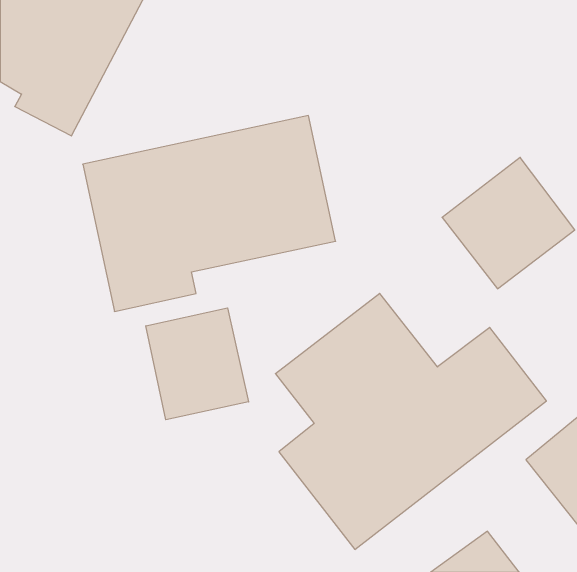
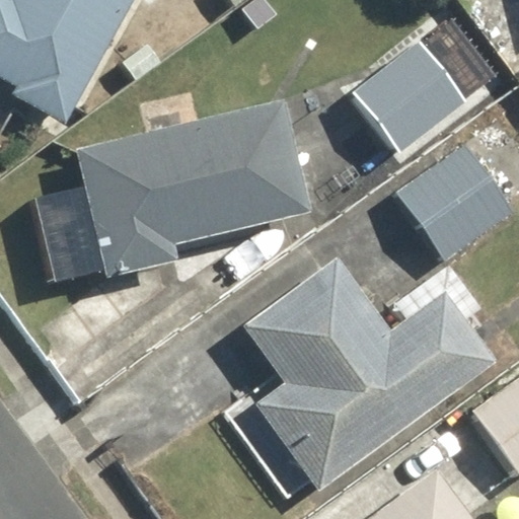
building: none -> [352,43,463,153]
building: [146,308,249,420] -> none

